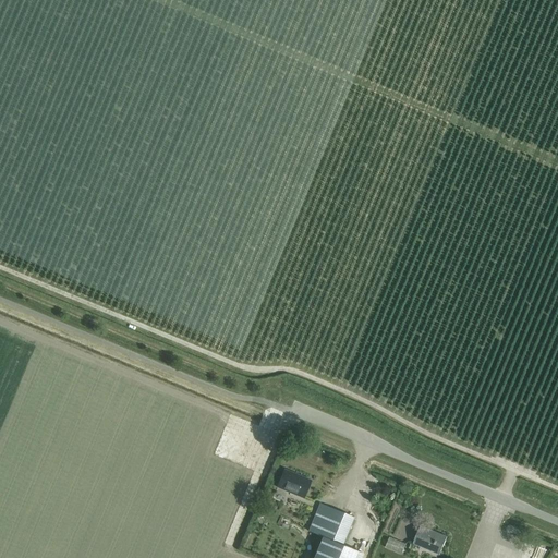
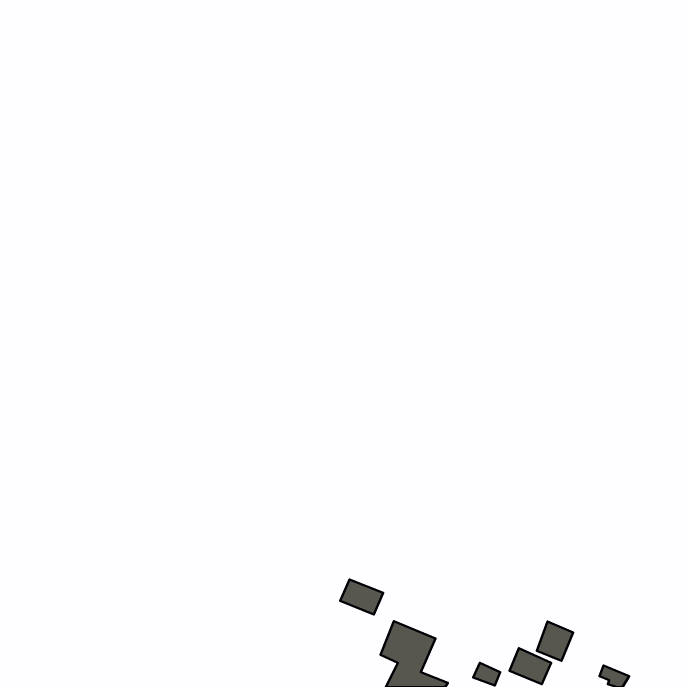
building: none -> [537,622,573,661]

